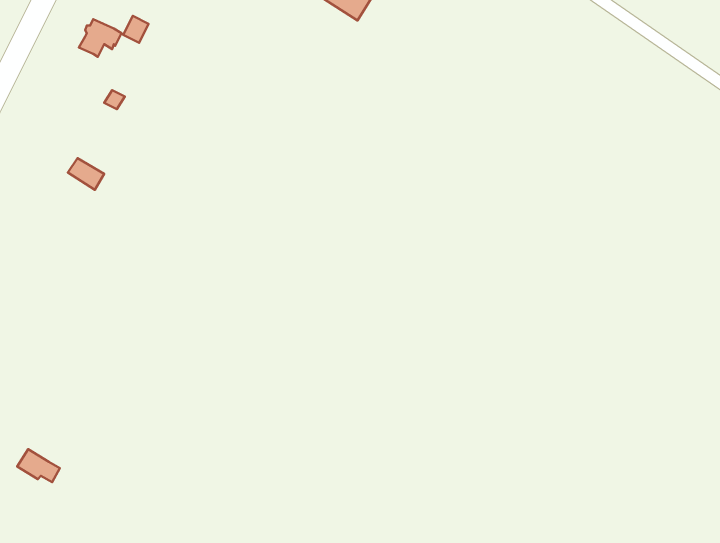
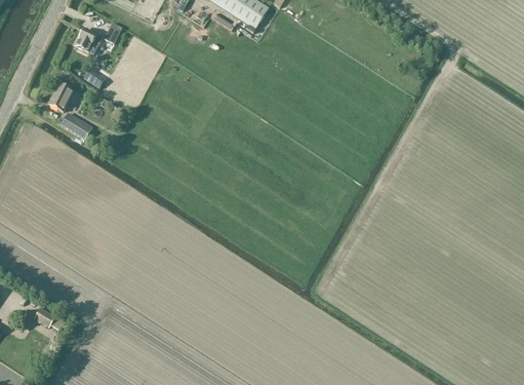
building: none -> [48,83,78,111]

